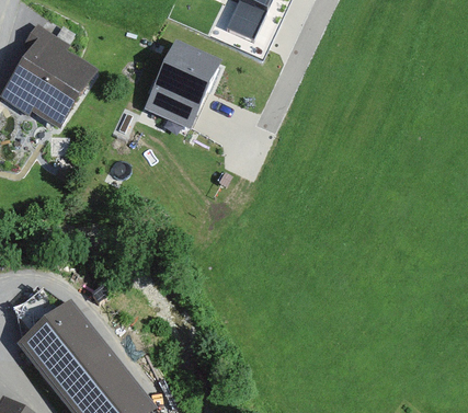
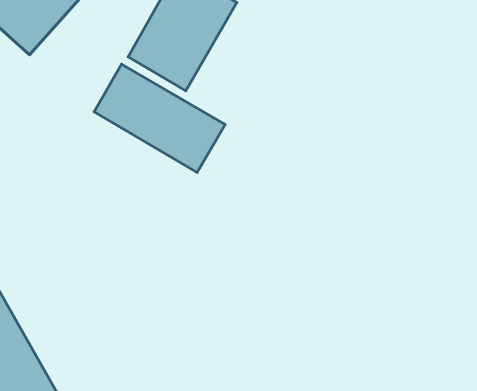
building: none -> [94,64,225,173]

